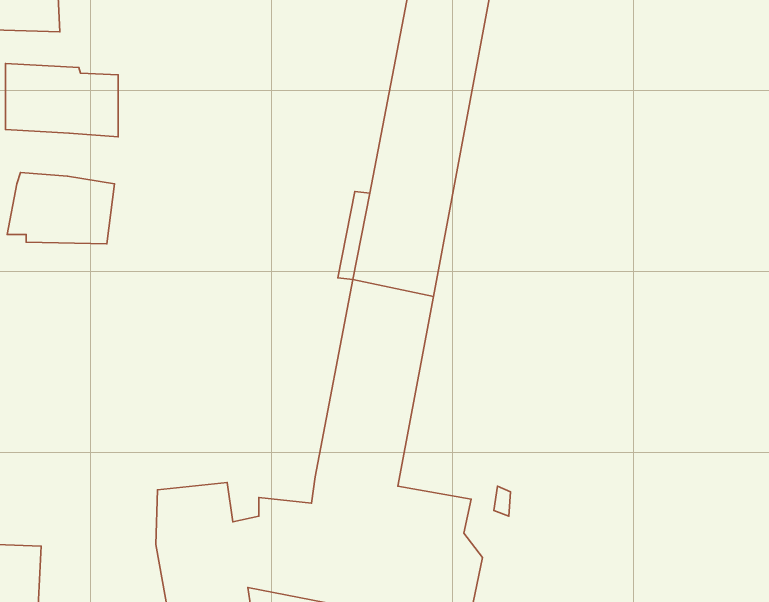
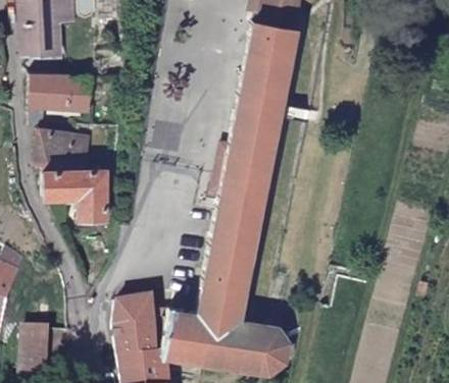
building: none -> [43,169,108,222]

